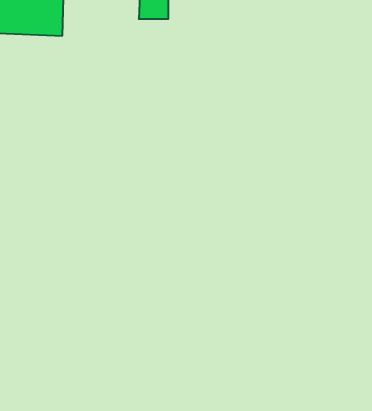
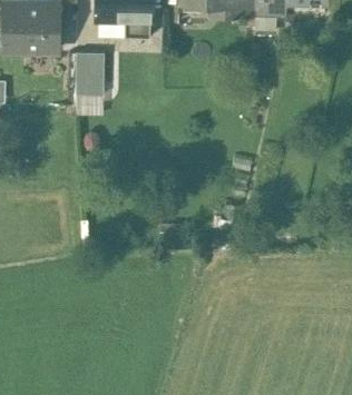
building: none -> [75,53,105,97]

